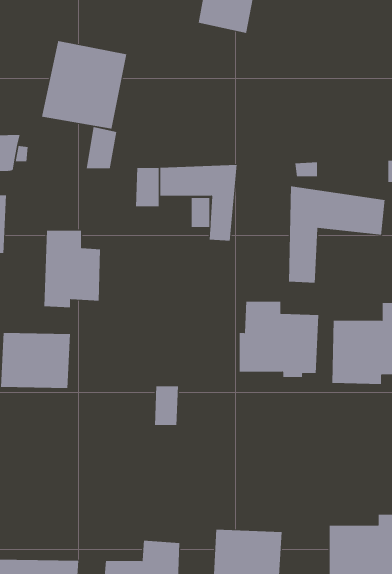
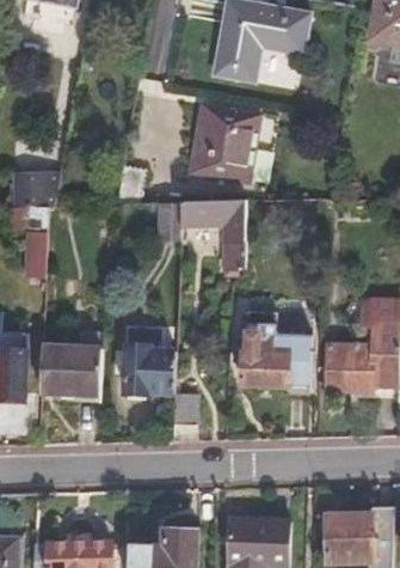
building: [41,40,127,129] -> [189,104,264,182]
building: [288,186,385,283] -> none
building: [44,230,101,308] -> [125,326,176,395]

